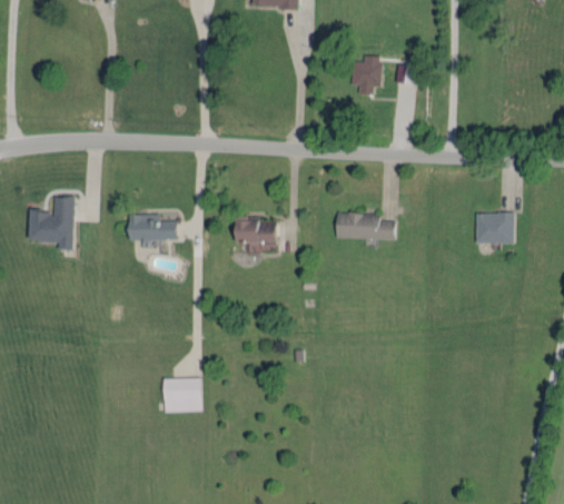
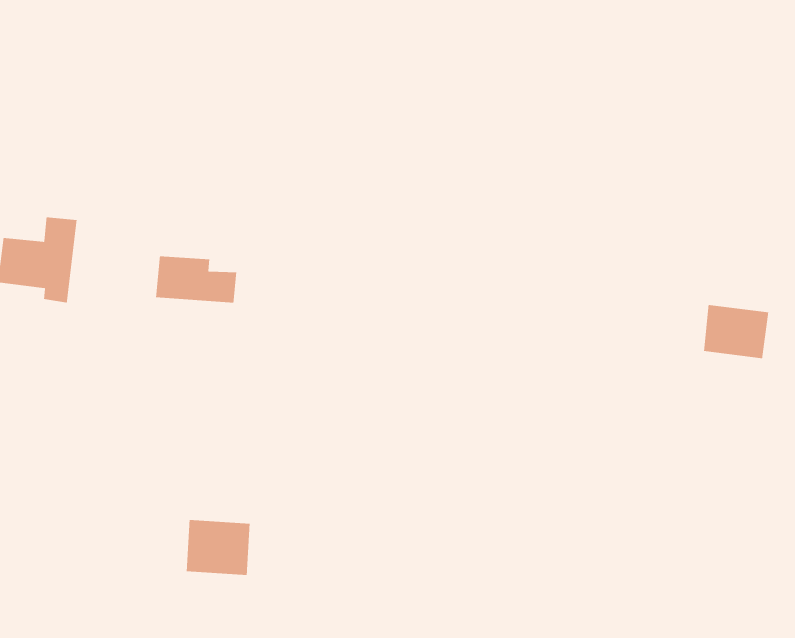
building: [353,56,380,95] -> none
building: [335,213,395,239] -> none
building: [232,217,278,249] -> none

